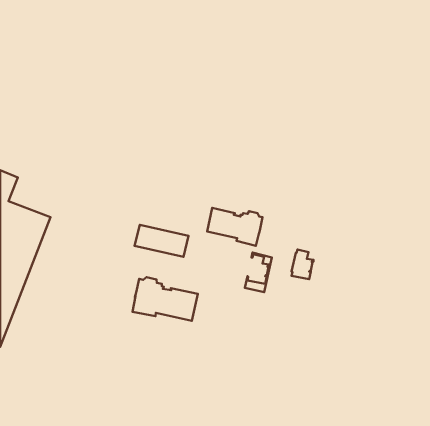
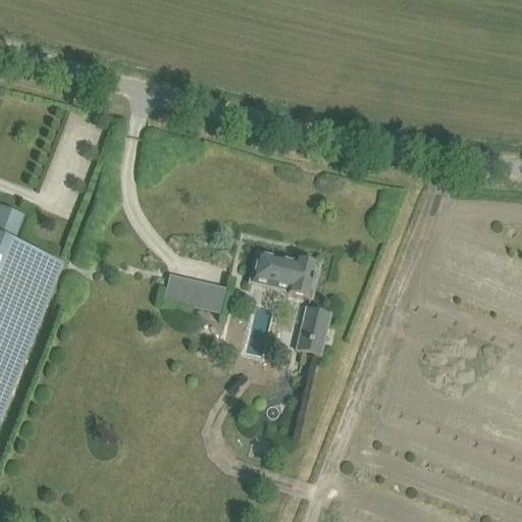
building: [292,250,313,279] -> [300,308,326,344]
building: [132,277,198,321] -> none

